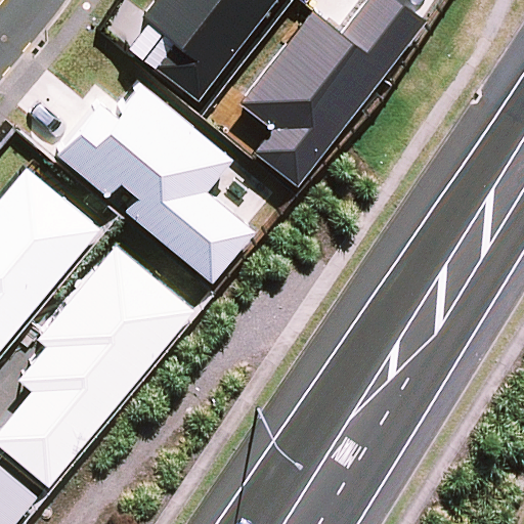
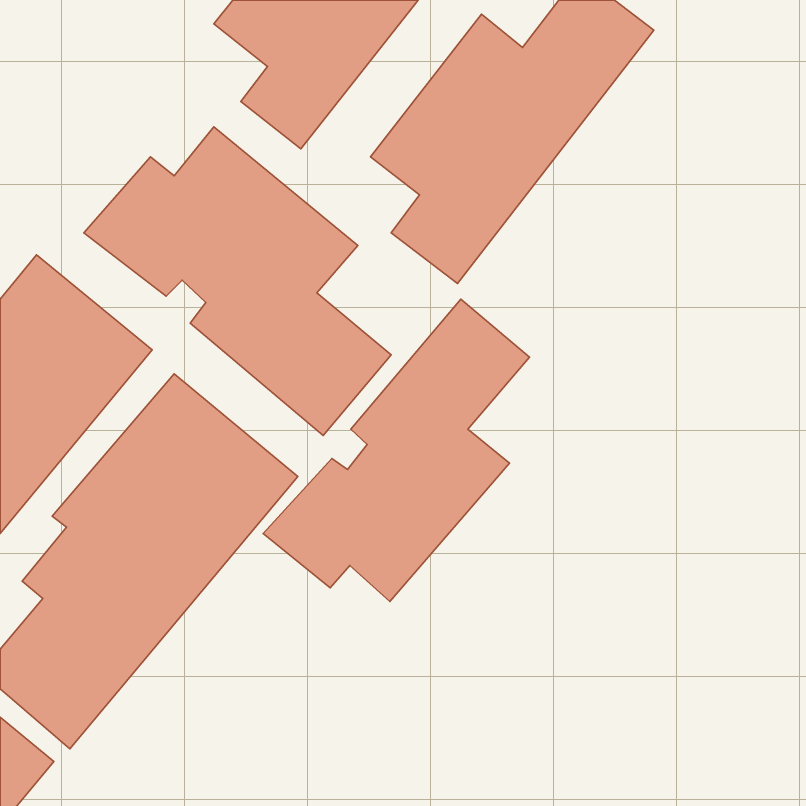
building: none -> [263,299,530,601]

